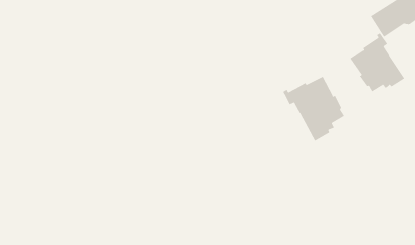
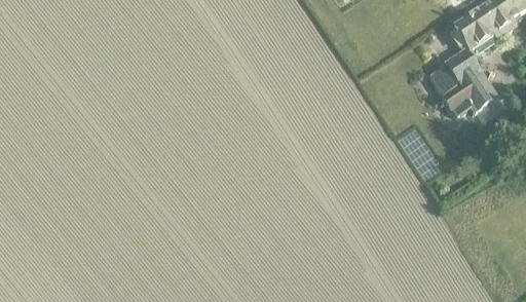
building: [282,76,345,141] -> none

